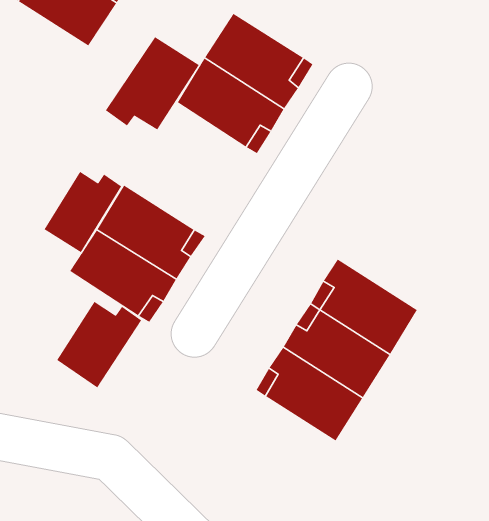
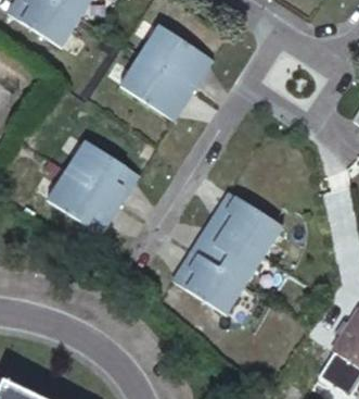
building: [105,36,200,131] -> none
building: [44,171,122,253] -> none
building: [56,301,142,388] -> none

